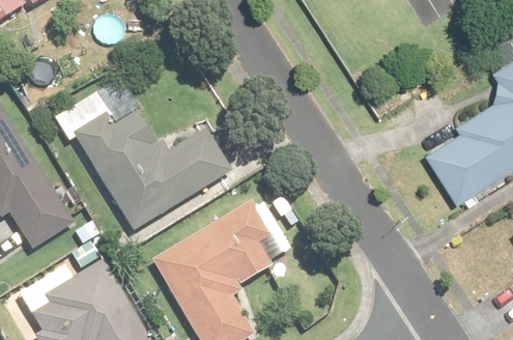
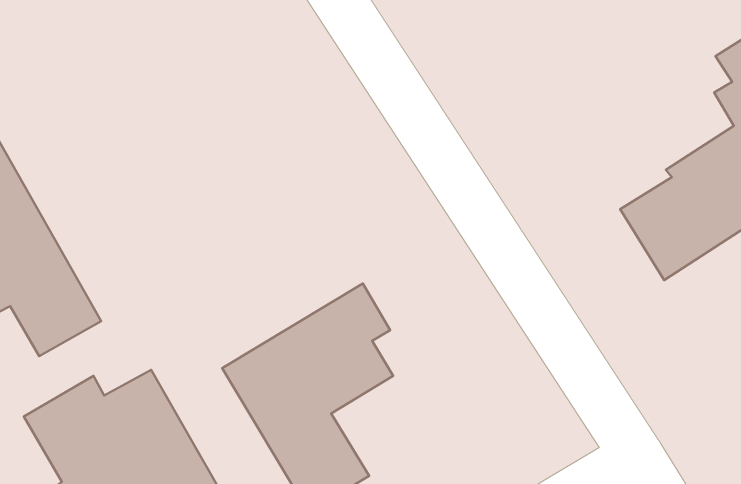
building: [55,91,233,229] -> none

